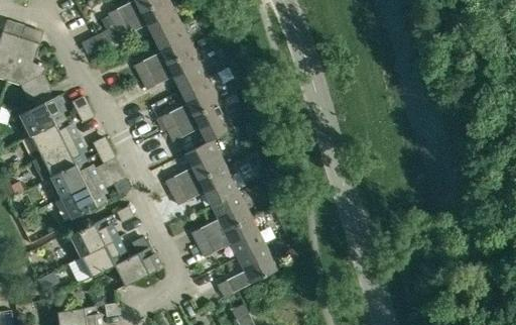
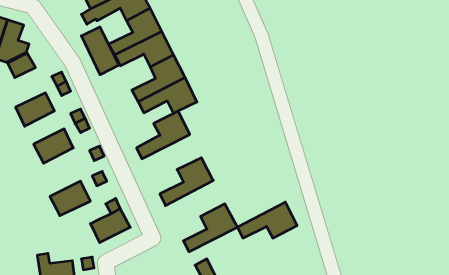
building: none -> [81,27,119,75]
building: [19,98,63,135] -> none
building: [32,139,85,182] -> none
building: [171,166,238,205] -> none
building: [61,181,106,218] -> none
building: [198,217,264,257] -> [238,202,297,238]
building: [80,240,124,278] -> none

